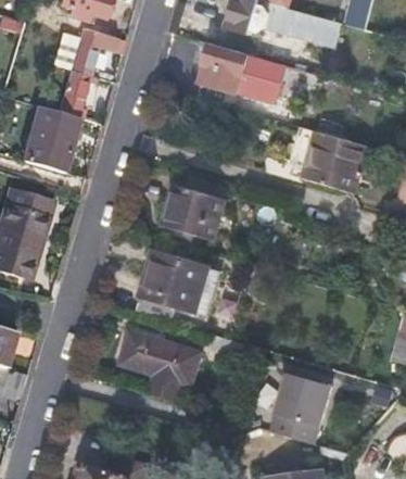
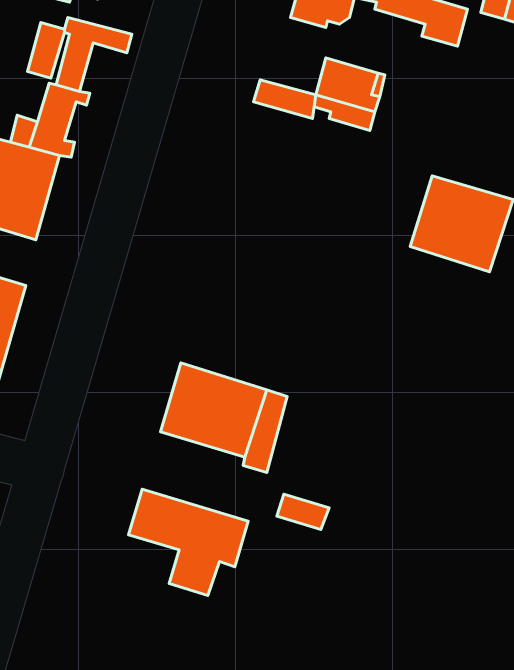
building: [202,42,248,78] -> none
building: [162,185,226,241] -> none
building: [269,374,331,444] -> none

